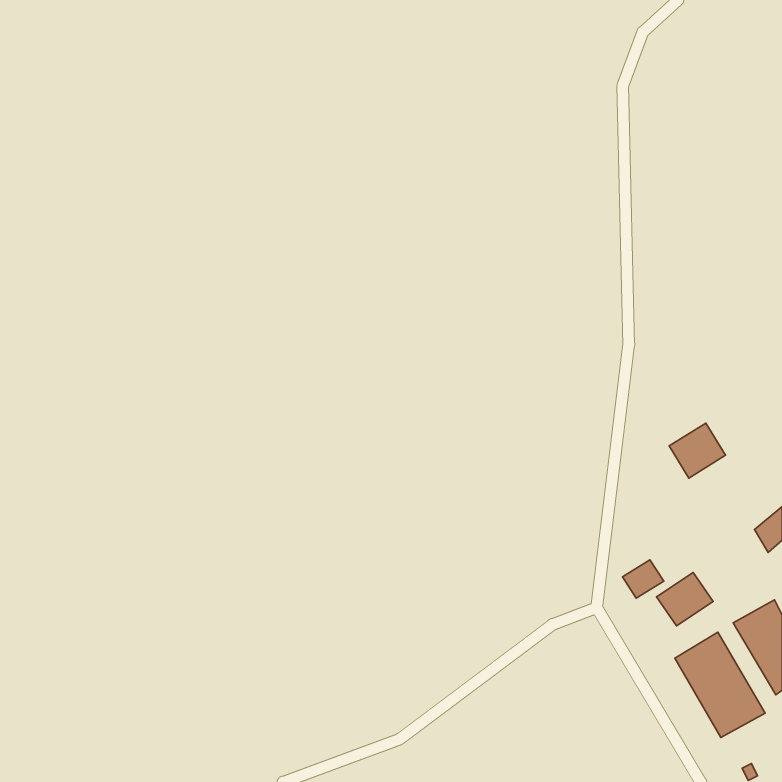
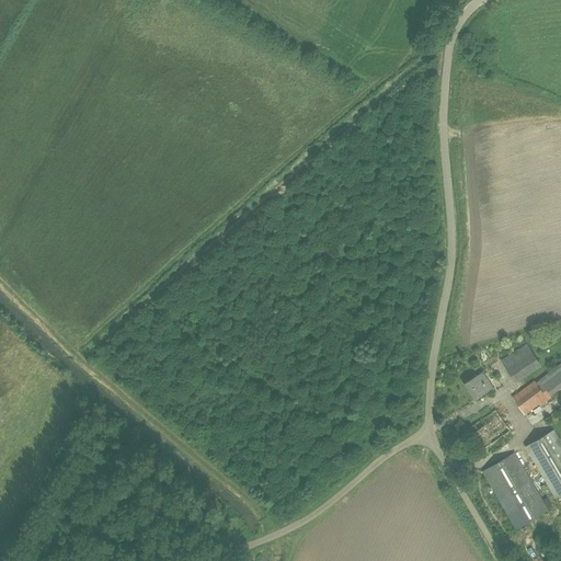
building: [669,423,726,478] -> [501,343,541,382]
building: none -> [512,380,547,415]
building: [622,560,664,598] -> [463,371,493,399]

